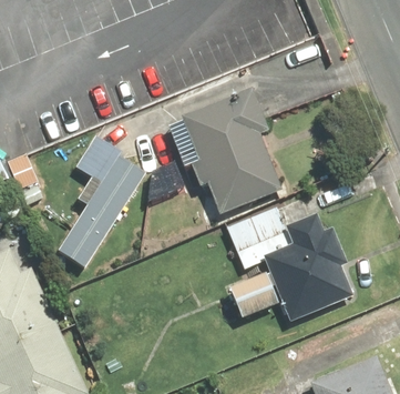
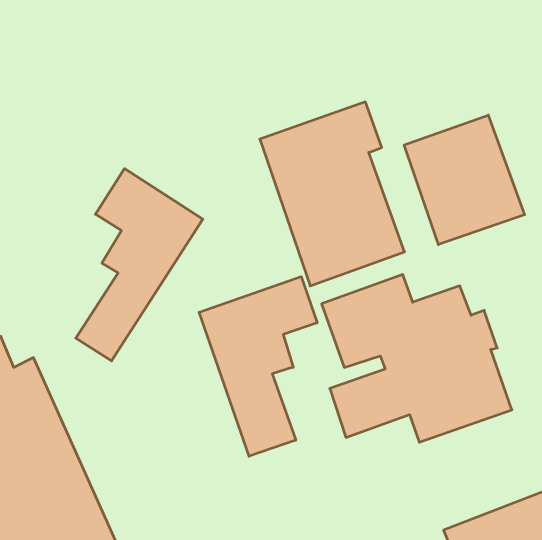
building: none -> [404,115,525,245]
building: none -> [199,277,317,456]

